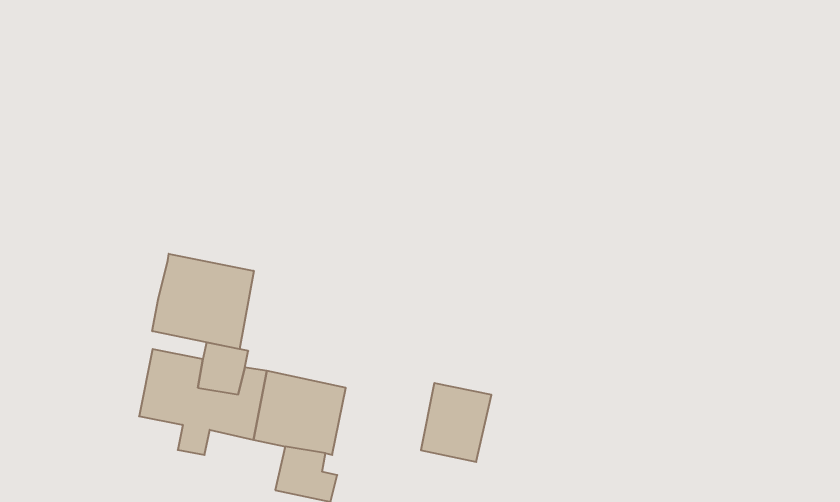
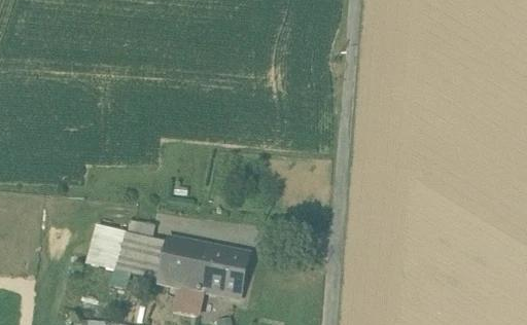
building: [152,254,254,349] -> none
building: [421,383,491,462] -> [206,246,249,294]

